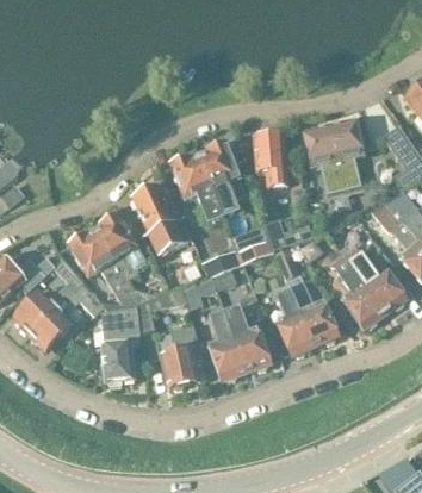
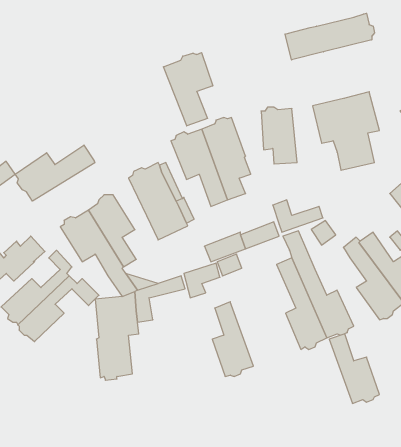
building: none -> [285,13,375,60]
building: none -> [163,53,213,126]
building: none -> [15,145,95,201]
building: [225,307,272,372] -> [329,334,379,403]
building: [161,325,201,389] -> none

